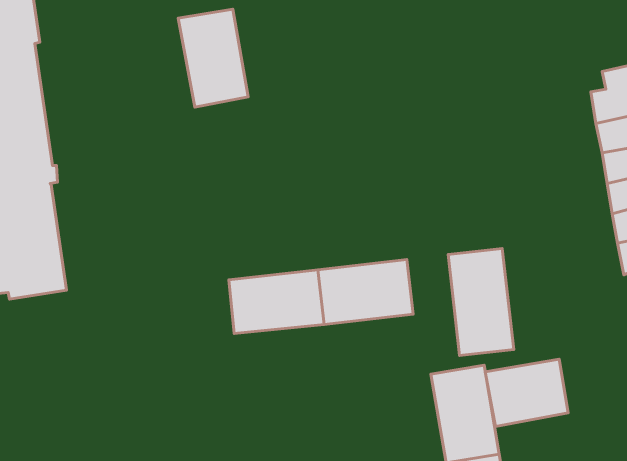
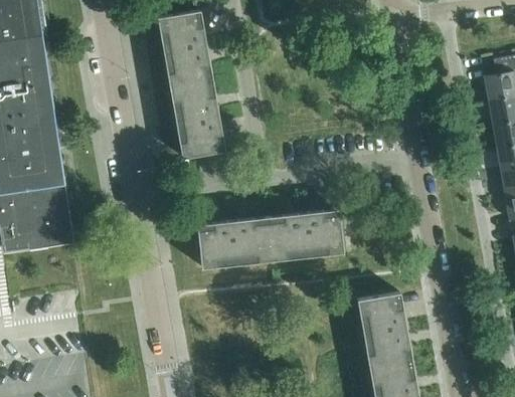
building: none -> [169,80,223,158]
building: [448,248,514,355] -> none
building: [485,359,568,426] -> none

